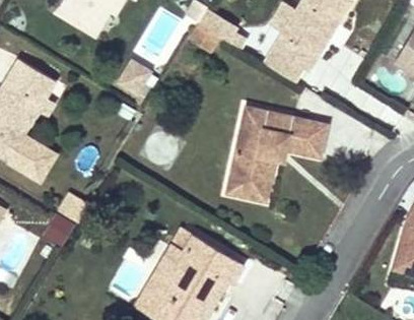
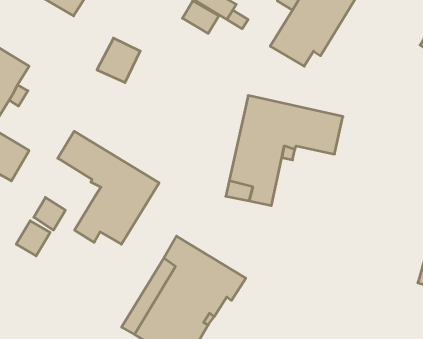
building: none -> [58,131,159,244]

